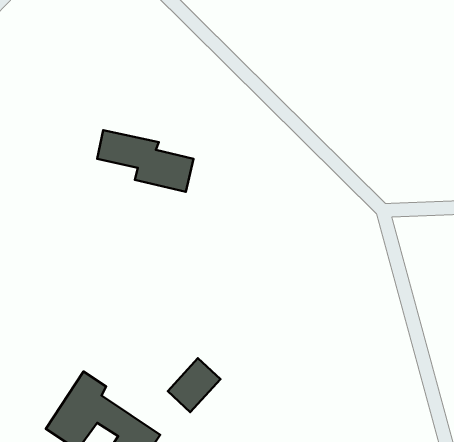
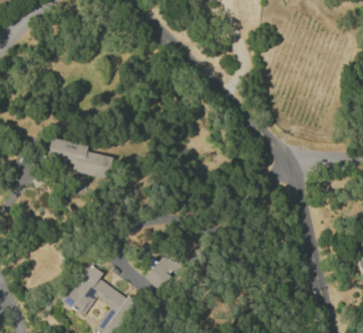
building: [97,130,193,192] -> [47,137,111,179]

